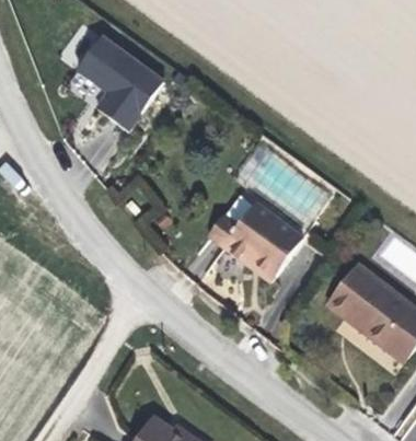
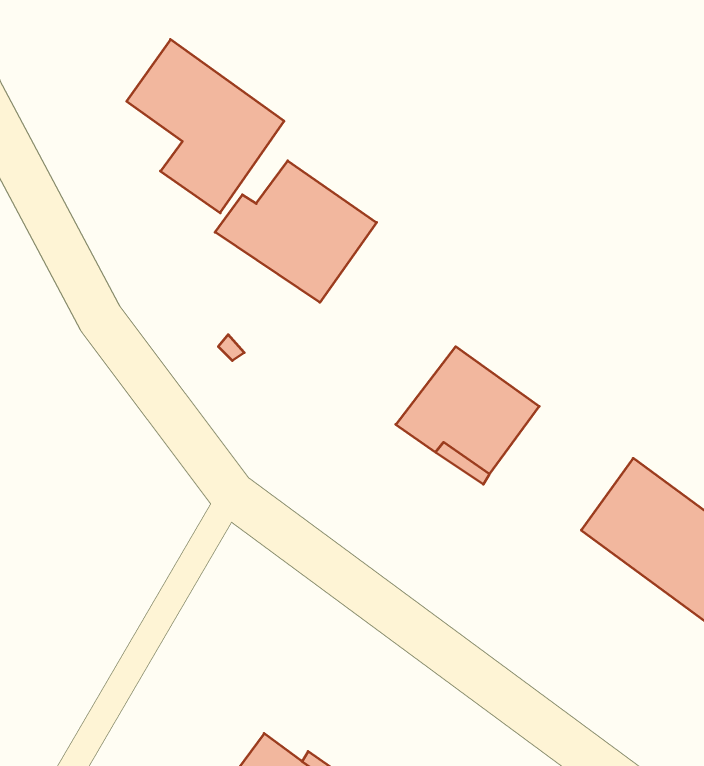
building: none -> [215,161,377,302]

